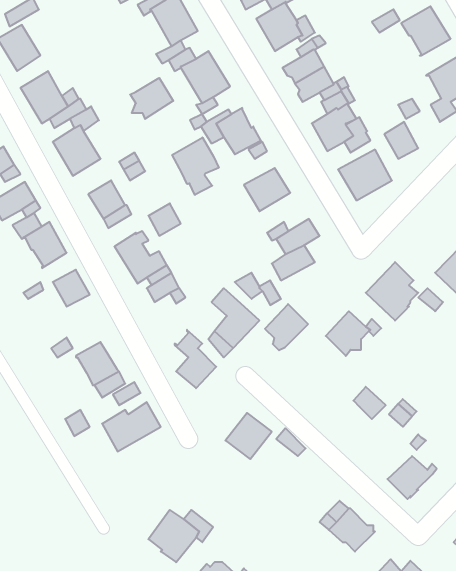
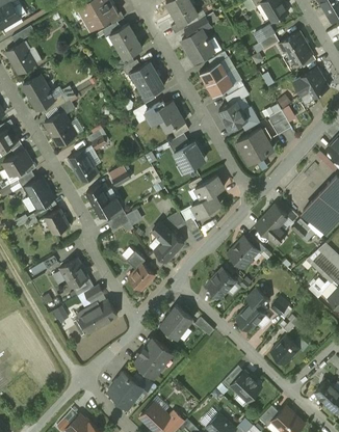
building: [130,78,173,119] -> none
building: [172,137,219,195] -> none
building: [265,304,308,350] -> [206,268,235,299]
building: none -> [235,302,264,331]
building: none -> [134,338,172,377]

